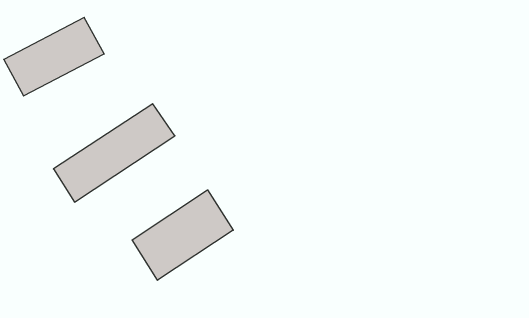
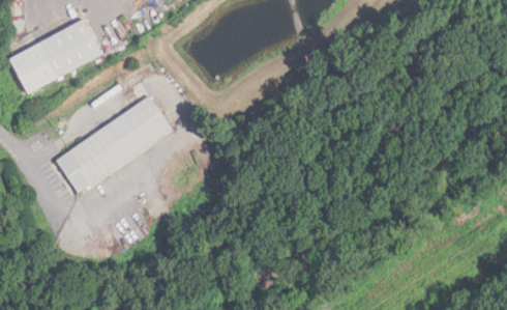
building: [132,190,233,280] -> none

